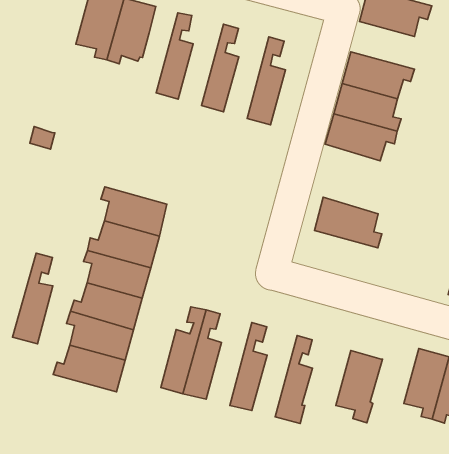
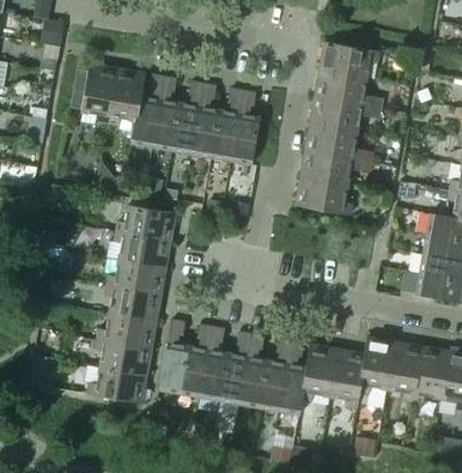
building: none -> [130,74,164,146]
building: none -> [171,81,203,153]
building: none -> [314,69,371,105]
building: none -> [211,87,243,160]
building: none -> [116,204,176,239]
building: [314,197,382,248] -> [294,176,352,214]
building: [13,253,53,344] -> [158,319,188,395]
building: none -> [219,332,251,405]
building: none -> [259,338,291,411]
building: none -> [358,336,395,393]
building: none -> [300,344,338,400]

